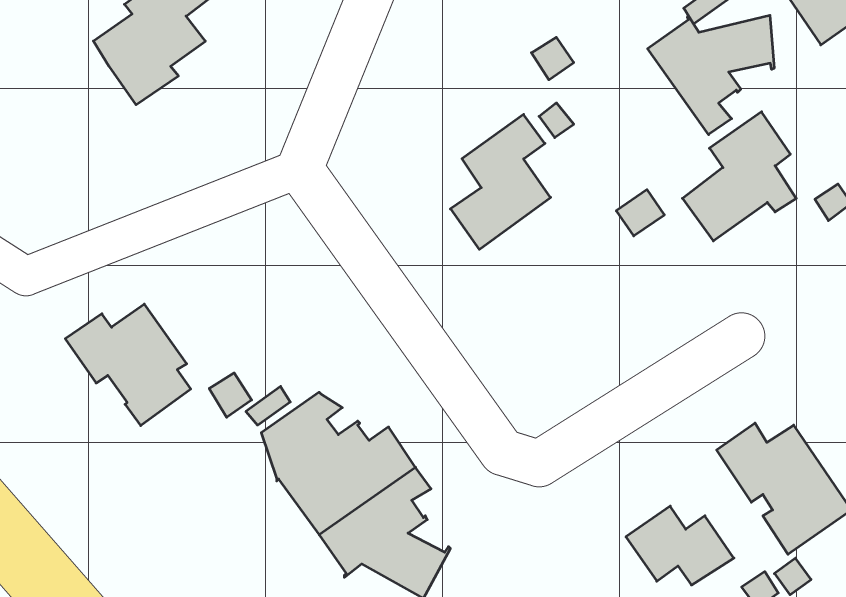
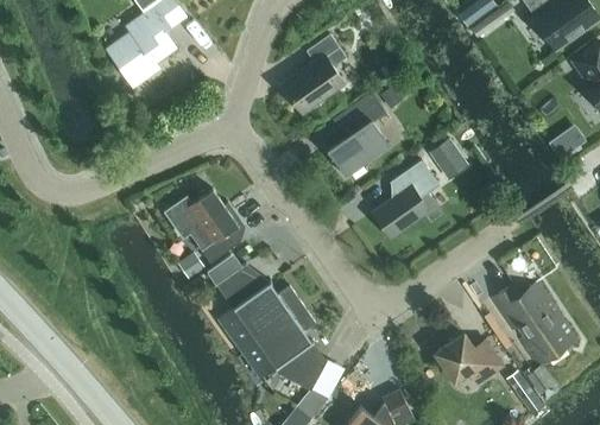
building: [648,15,774,135] -> none
building: none -> [284,34,347,112]
building: [682,112,796,241] -> [373,159,443,239]
building: [65,304,191,426] -> [165,189,242,264]

